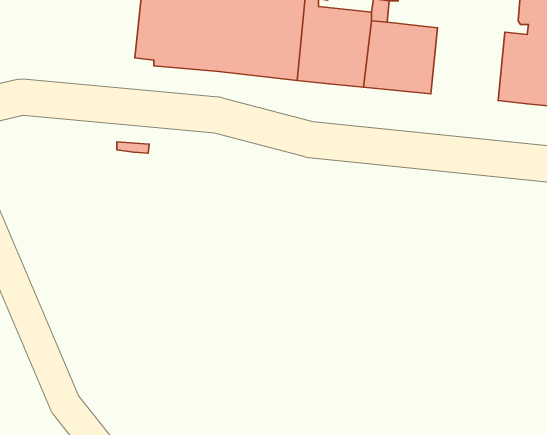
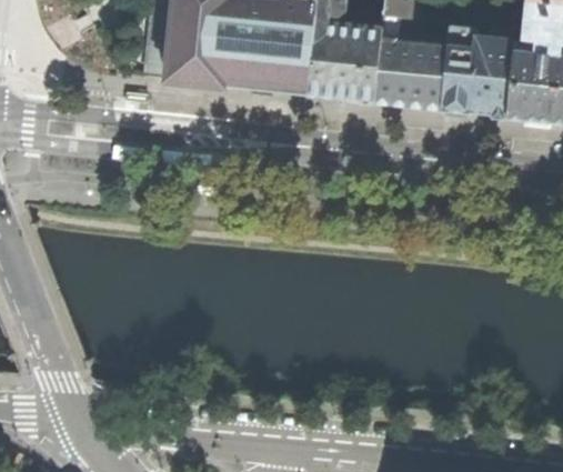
building: none -> [442,26,516,116]

